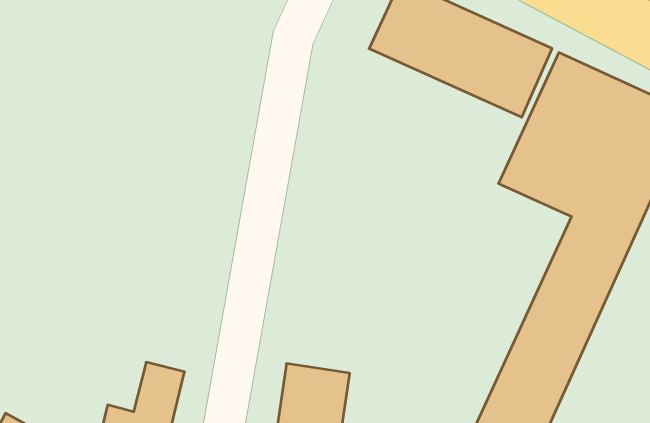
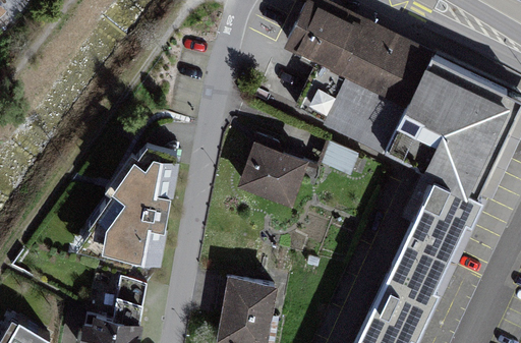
building: none -> [235,146,302,209]
building: none -> [70,147,173,271]

